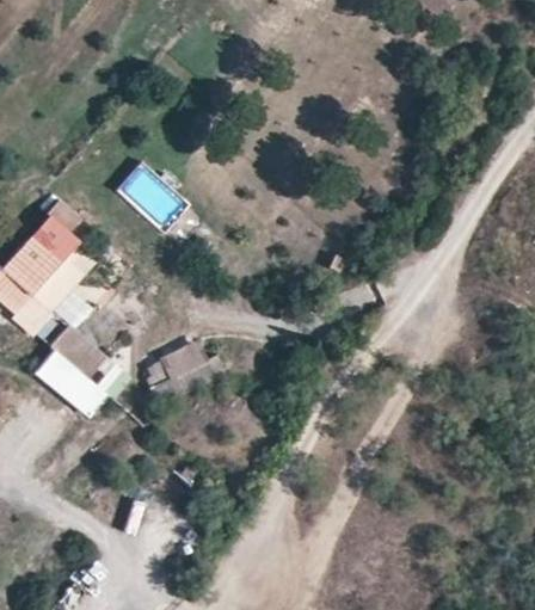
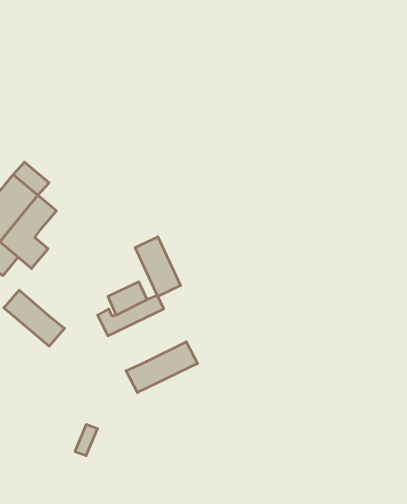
building: none -> [135,237,181,296]
building: [48,325,106,381] -> none
building: none -> [126,342,198,393]

